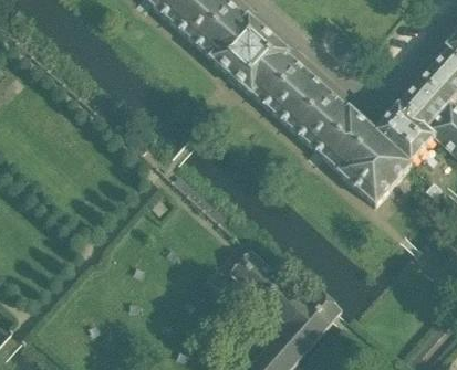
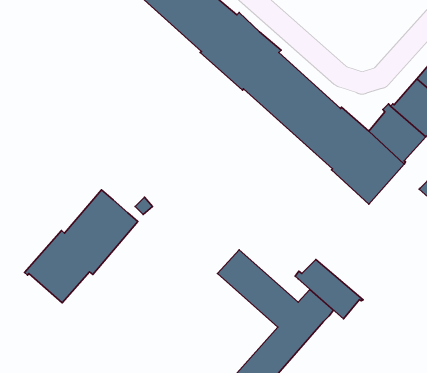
building: none -> [24,190,138,303]
building: none -> [295,260,363,319]

